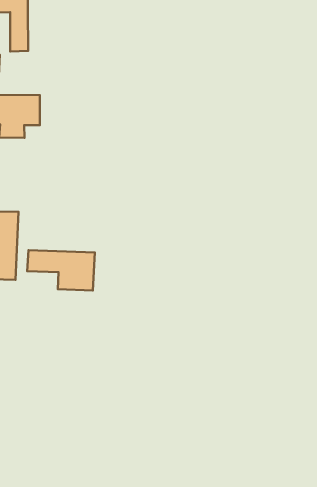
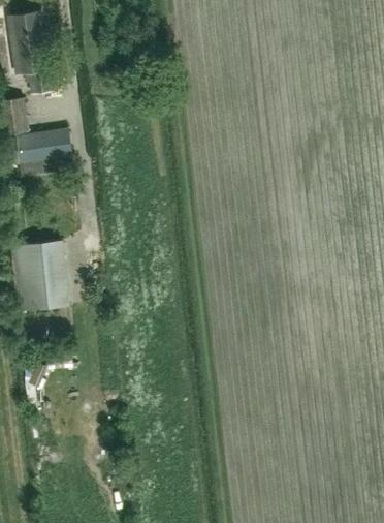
building: [27,250,95,291] -> none

